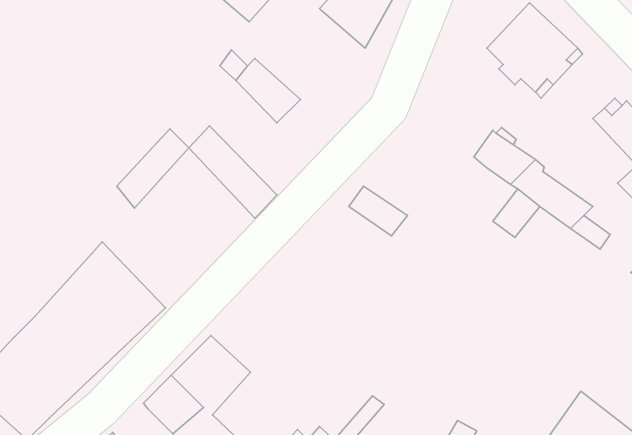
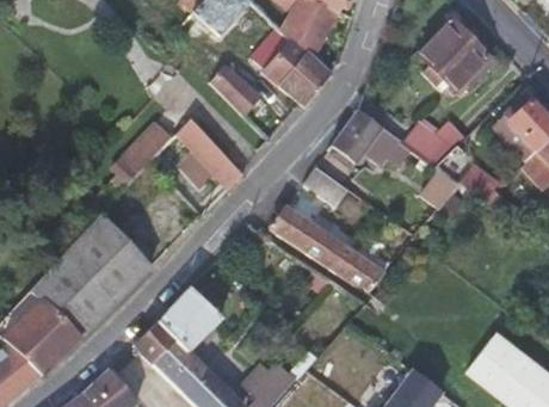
building: none -> [249,23,333,106]
building: none -> [329,109,413,166]
building: none -> [270,204,387,296]

